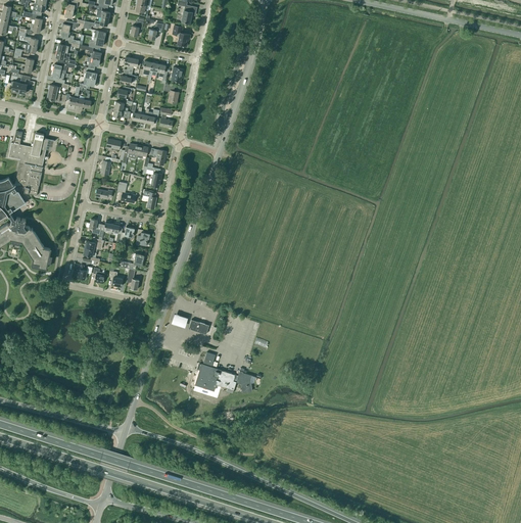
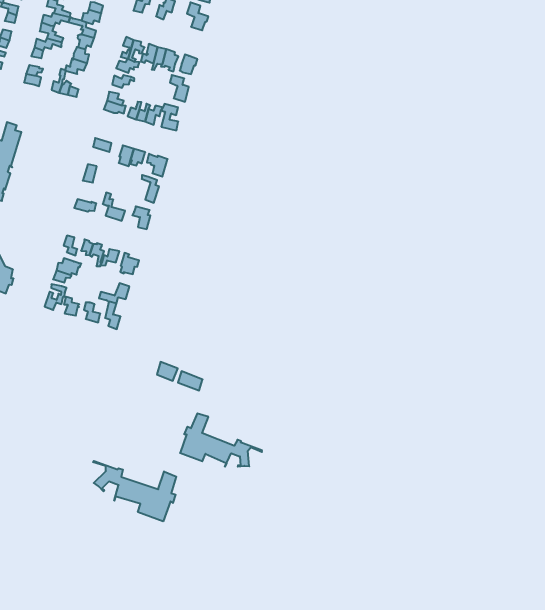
building: none -> [93,461,176,521]

